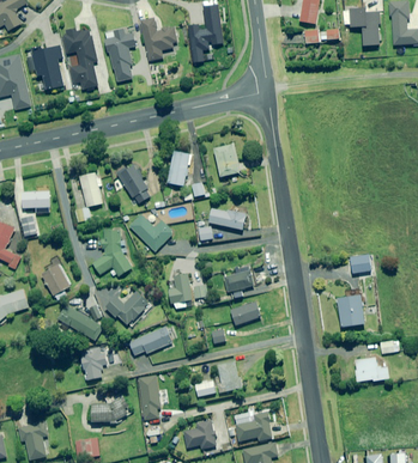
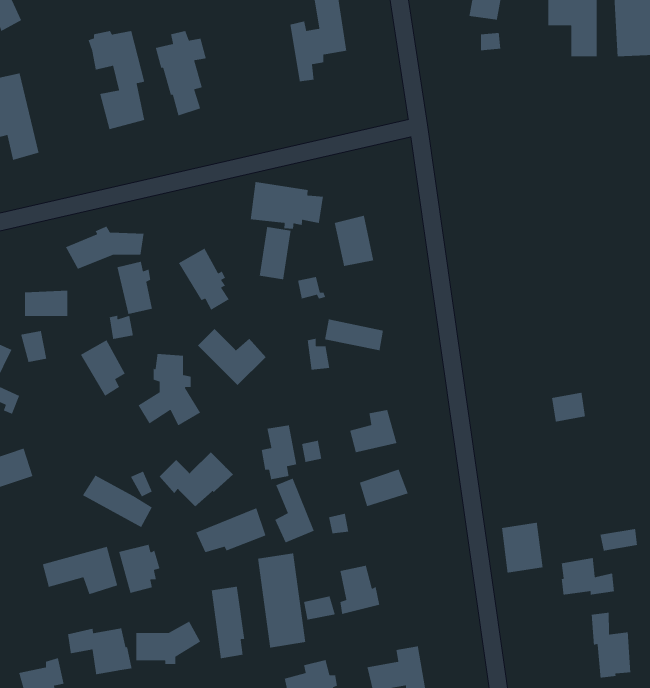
building: [140,18,176,60] -> none
building: [31,45,62,89] -> none
building: none -> [250,181,324,230]
building: none -> [65,226,144,270]
building: [41,264,69,300] -> [80,339,126,397]
building: [338,294,364,327] -> [501,522,543,574]
building: none -> [274,477,315,543]
building: none -> [42,546,118,595]
building: none -> [257,553,306,648]
building: none -> [591,612,631,679]
building: none -> [67,627,133,675]

